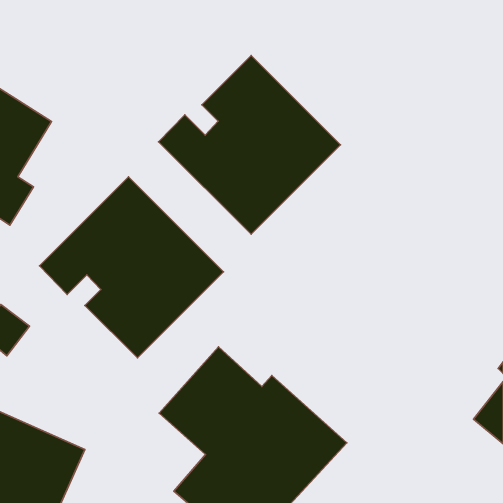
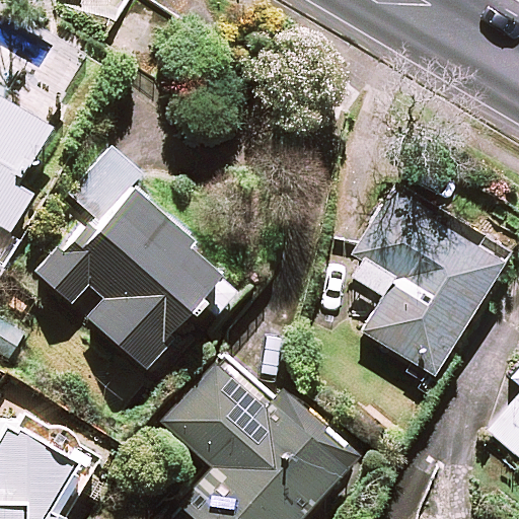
building: [159,55,341,234] -> none
building: none -> [352,188,506,376]

